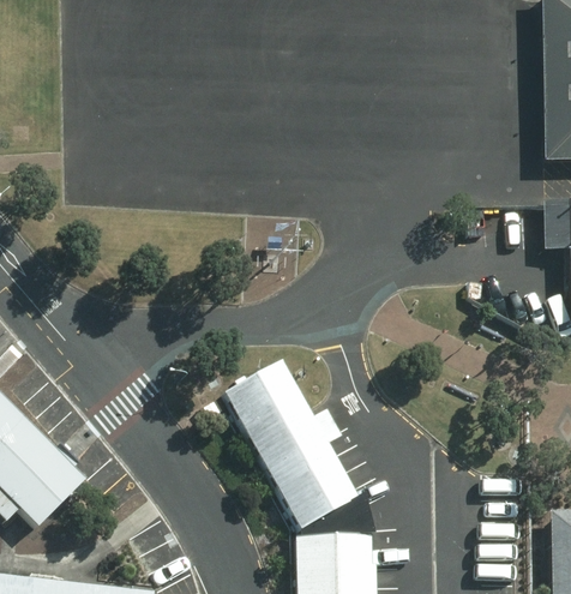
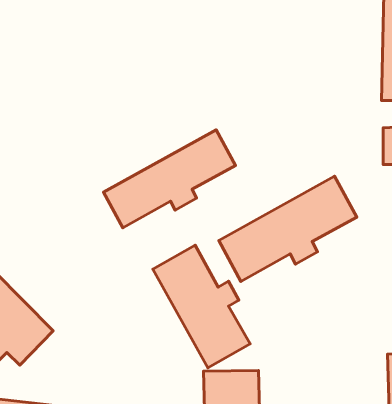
building: none -> [104,130,235,228]
building: none -> [219,176,357,281]

